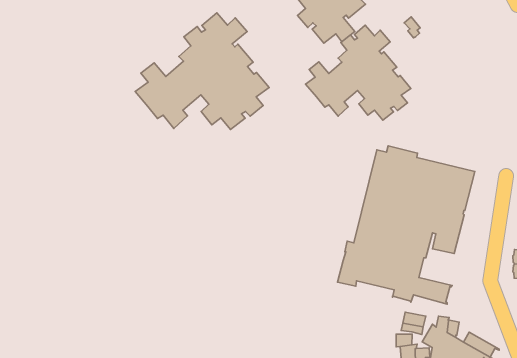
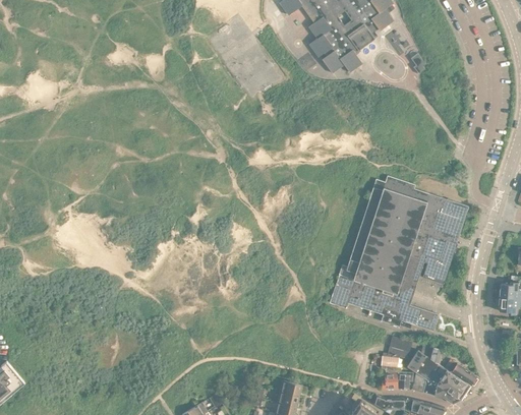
building: [135,13,269,130] -> none
building: [306,25,411,120] -> none

